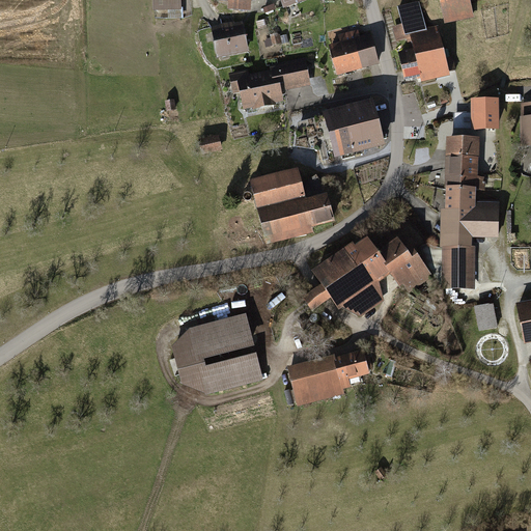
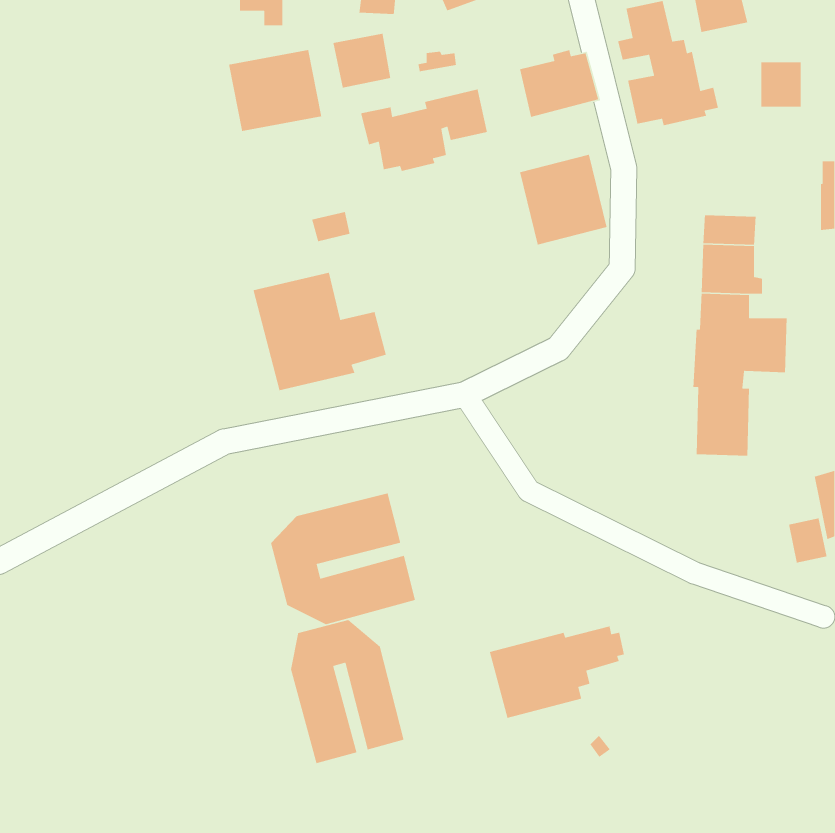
building: none -> [228,49,322,132]
building: [472,100,498,129] -> [760,62,801,107]
building: [249,166,334,242] -> [252,272,387,391]
building: [303,235,432,316] -> none
building: [474,301,499,330] -> [788,518,827,563]
building: [286,348,372,408] -> [489,625,625,719]
building: none -> [290,619,404,764]

